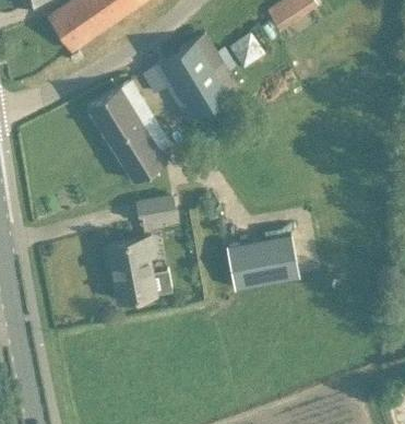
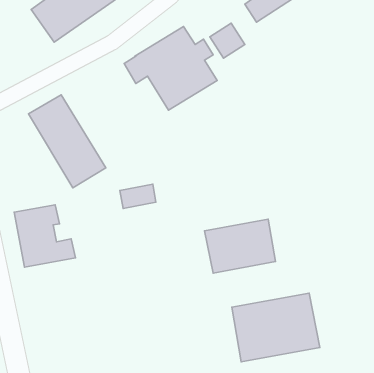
building: [87,85,167,181] -> [28,95,106,188]
building: [108,237,171,302] -> [14,205,75,267]
building: none -> [232,293,320,362]

